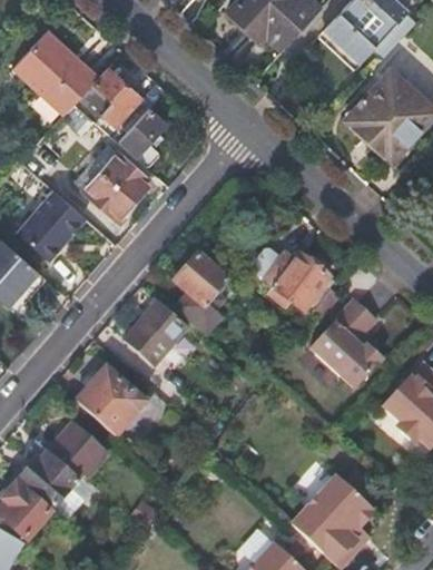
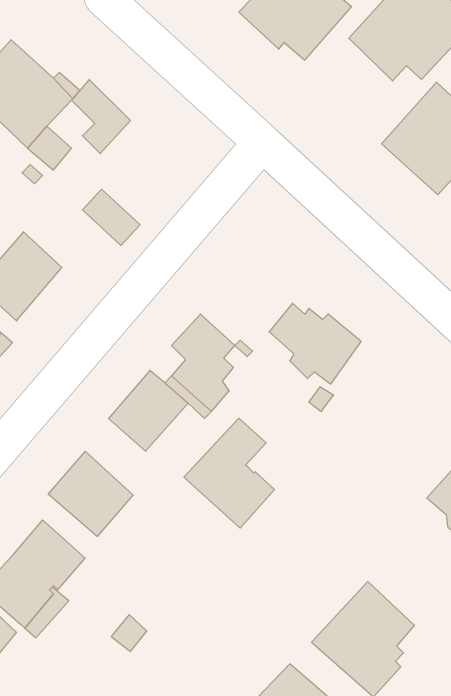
building: [119,107,167,158] -> none
building: [86,171,135,220] -> none
building: [307,299,381,389] -> [184,418,275,528]

